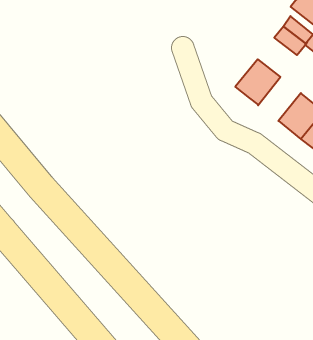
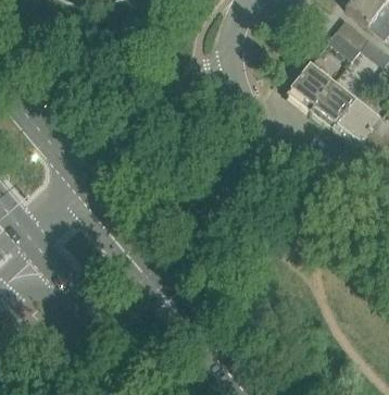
building: none -> [312,82,357,128]

